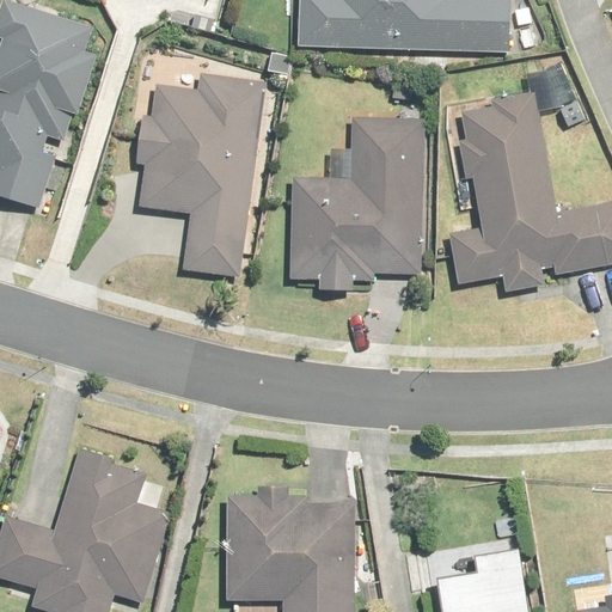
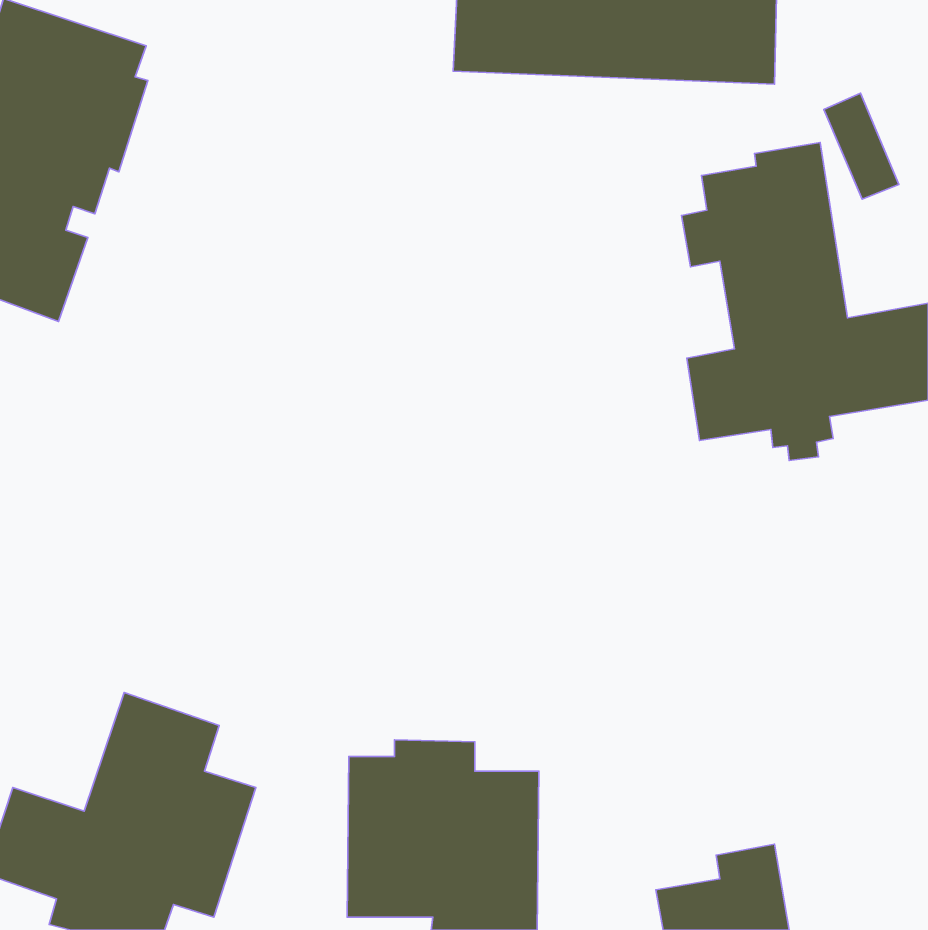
building: [137,75,264,275] -> none
building: [292,120,423,290] -> none

